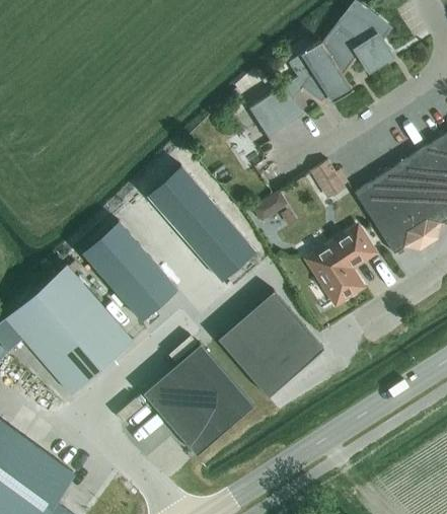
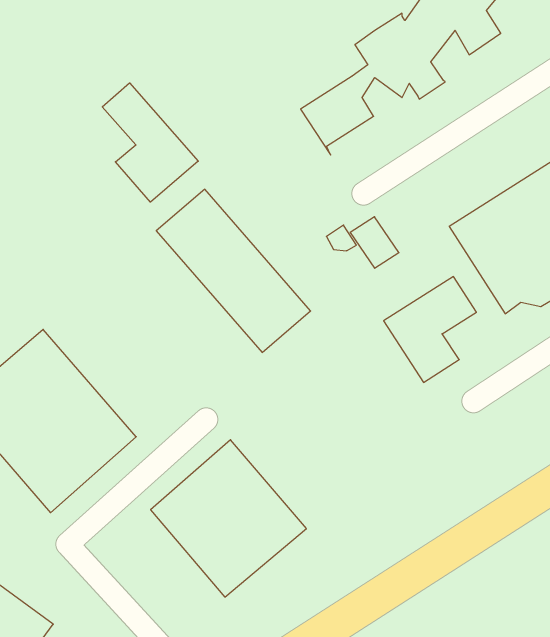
building: none -> [102,83,198,202]
building: [311,161,346,198] -> [350,217,399,268]
building: [81,220,177,321] -> none
building: [217,291,323,397] -> none

